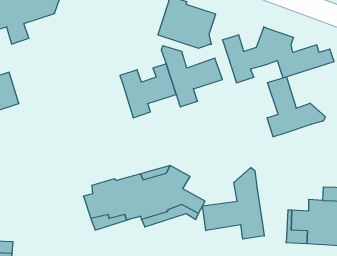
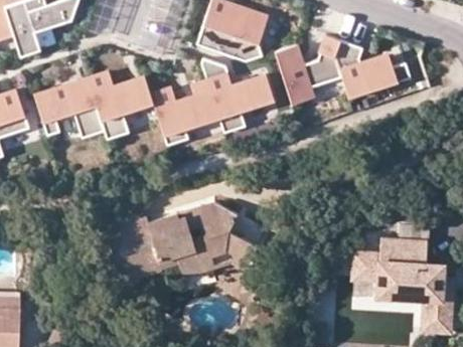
building: none -> [34,71,154,140]
building: [267,77,325,137] -> none
building: [203,167,264,239] -> none

